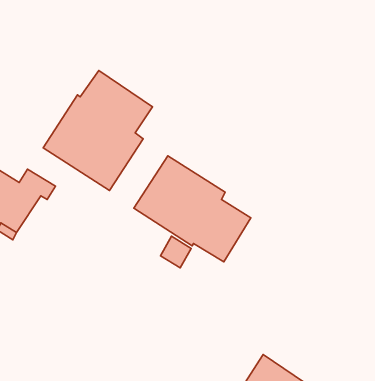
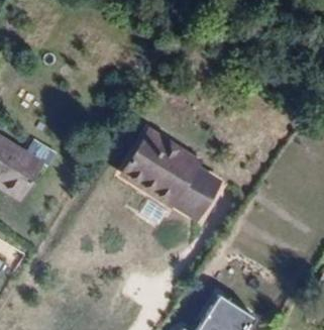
building: [43,71,153,190] -> none

